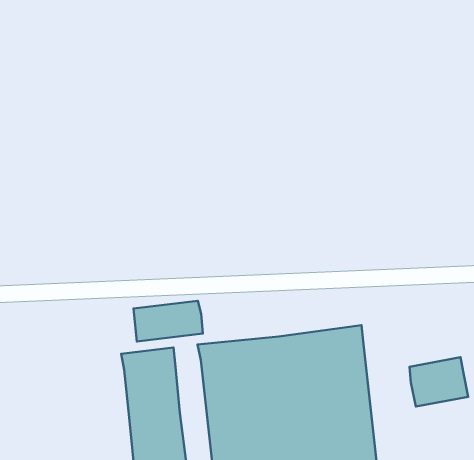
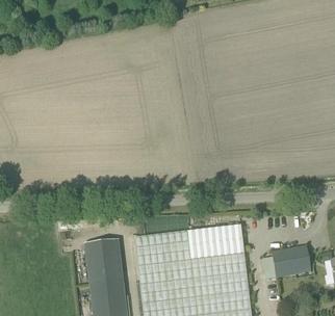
building: [134,301,203,342] -> none

